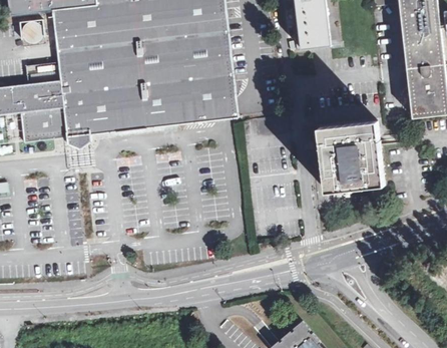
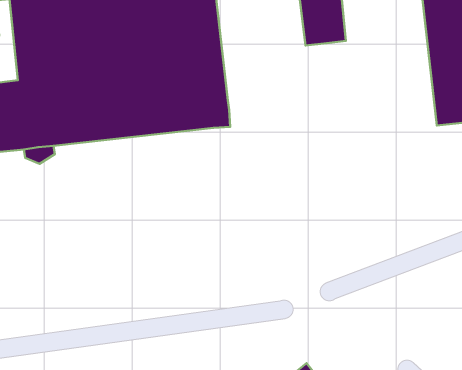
building: [318,121,384,192] -> none

